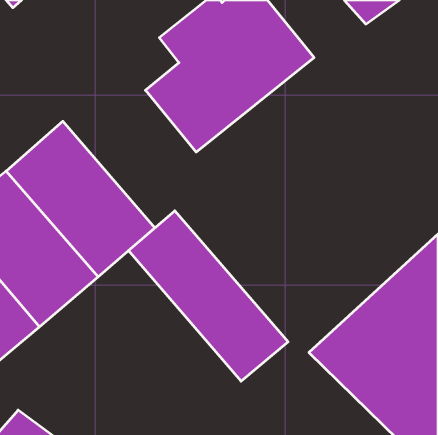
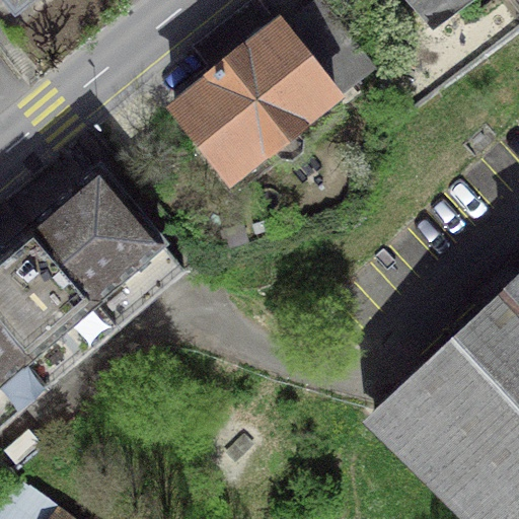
building: [129,211,288,381] -> none

